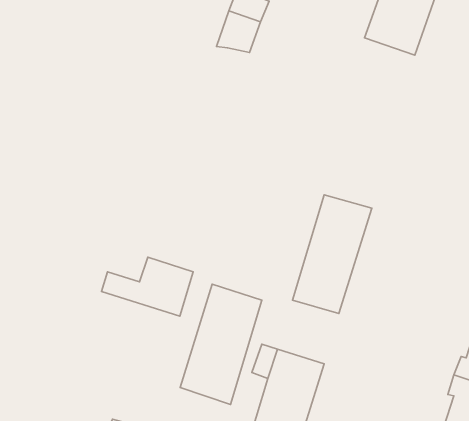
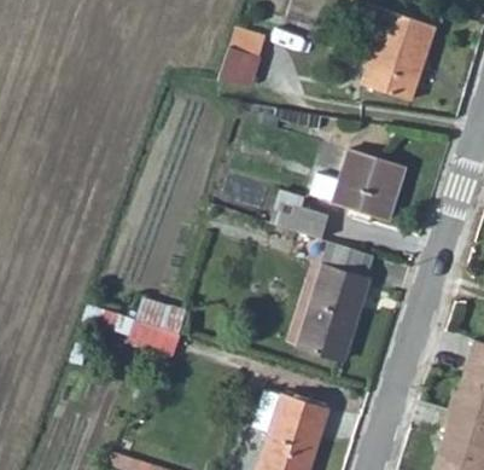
building: none -> [321,139,408,207]
building: none -> [272,191,328,237]
building: [180,284,262,404] -> none

